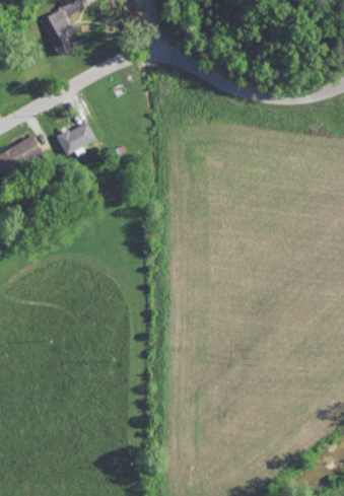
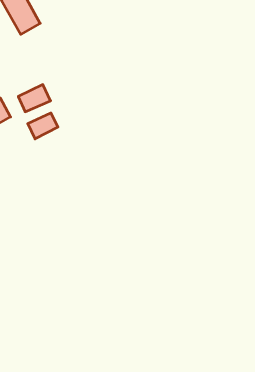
building: none -> [28,113,58,139]

